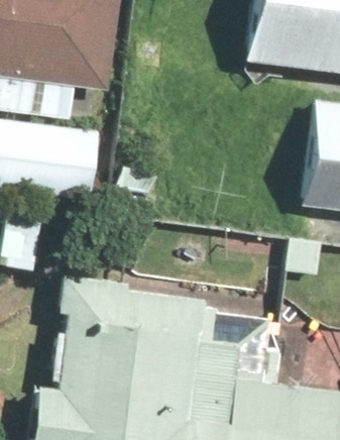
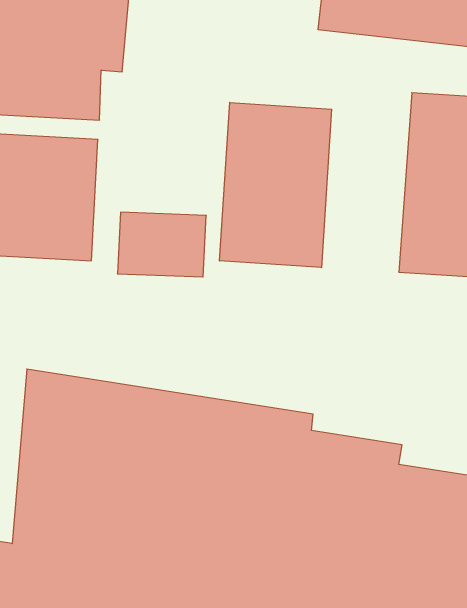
building: none -> [220,102,332,268]

